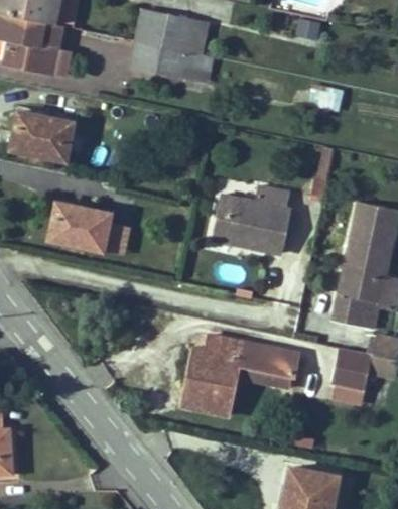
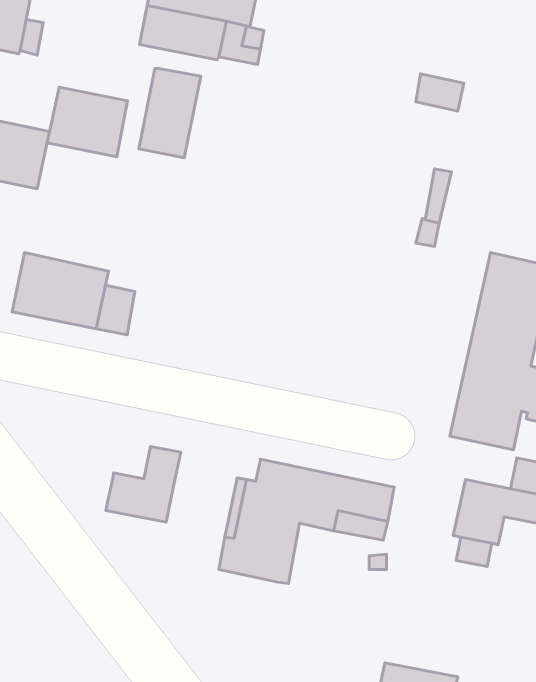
building: none -> [139,69,201,158]
building: none -> [47,87,128,157]
building: [212,184,291,254] -> none
building: none -> [106,446,181,522]

